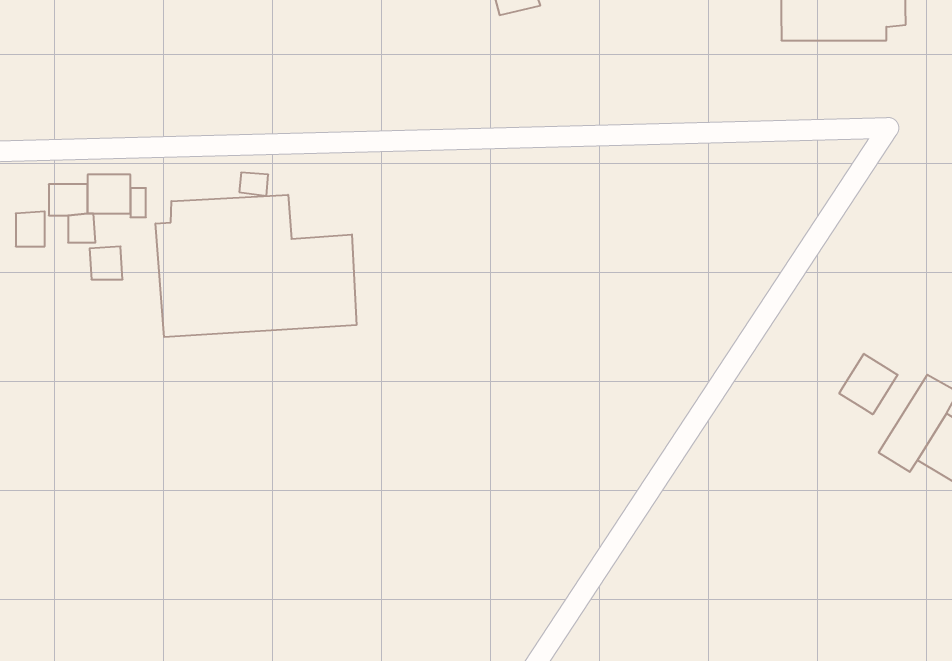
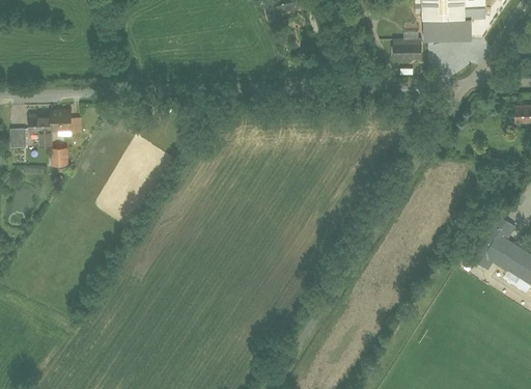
building: none -> [394,40,423,58]
building: [156,195,356,337] -> none
building: [839,354,898,414] -> none

